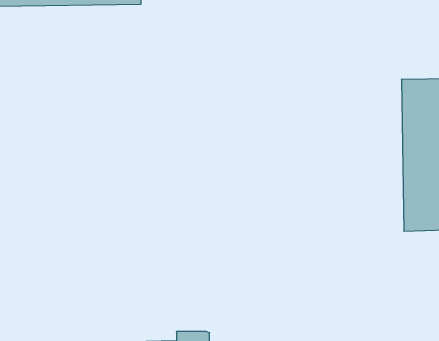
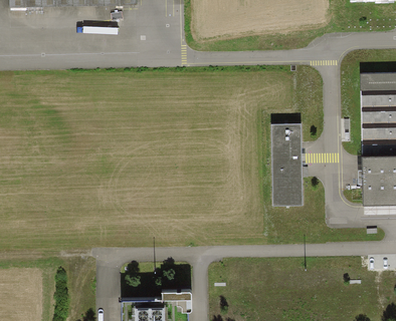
building: none -> [273,124,304,206]

